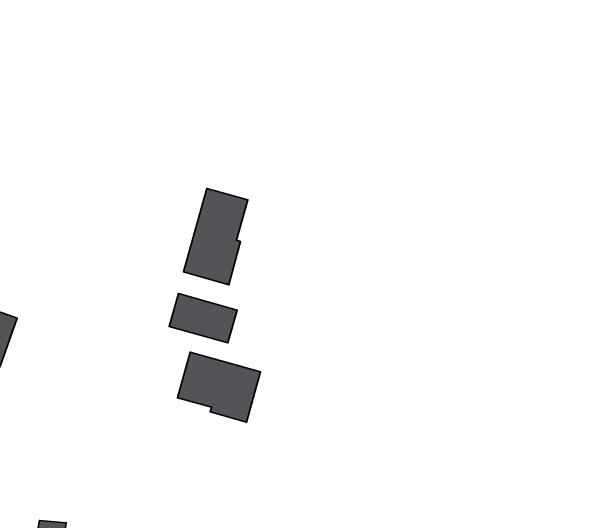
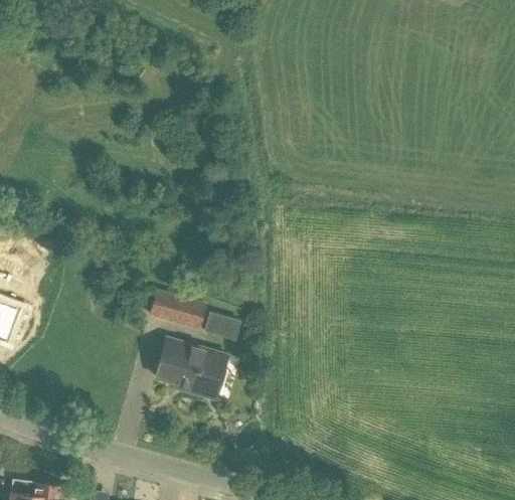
building: [183,188,248,285] -> none
building: none -> [204,311,241,339]

